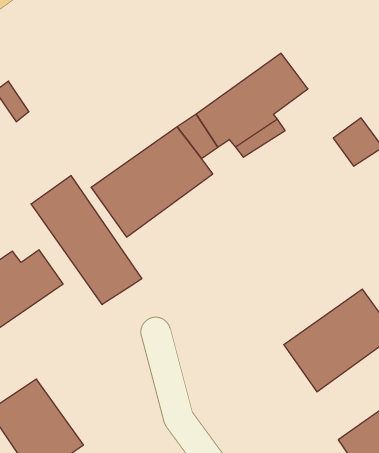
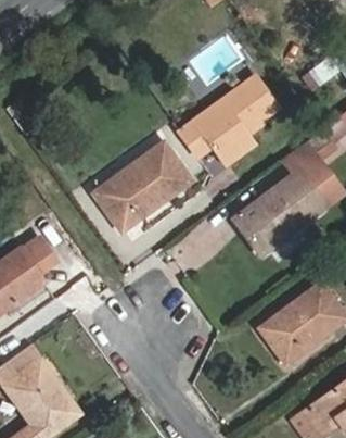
building: none -> [228,165,331,256]
building: [31,176,142,305] -> none

